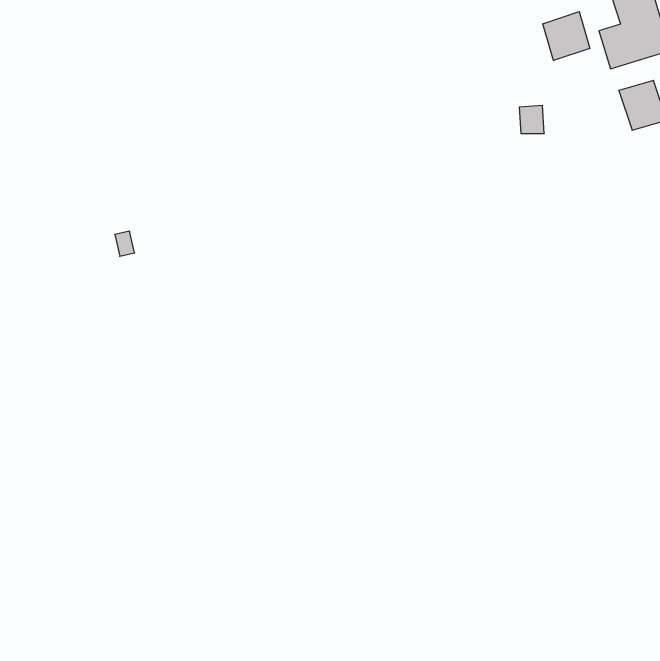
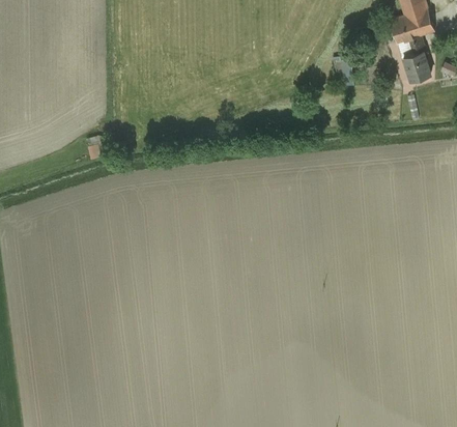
building: [543,12,590,61] -> none

